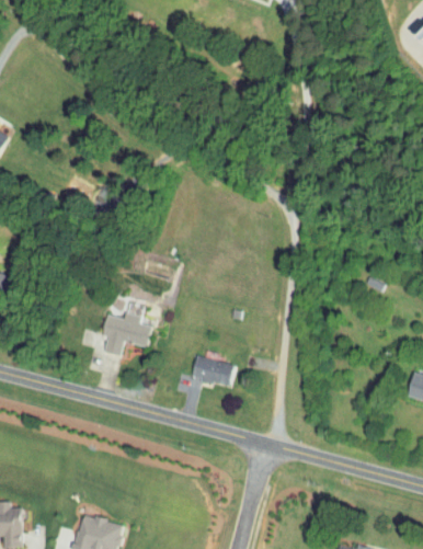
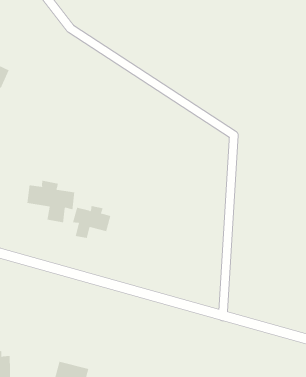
building: none -> [27,180,75,223]
building: [190,356,233,385] -> none

